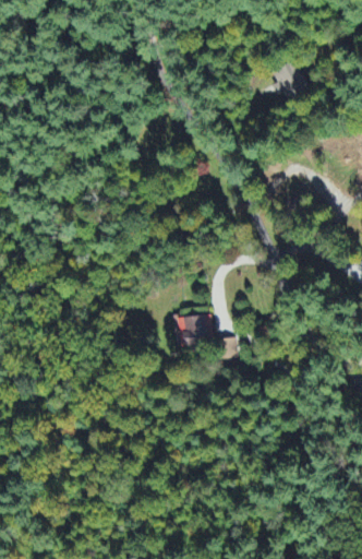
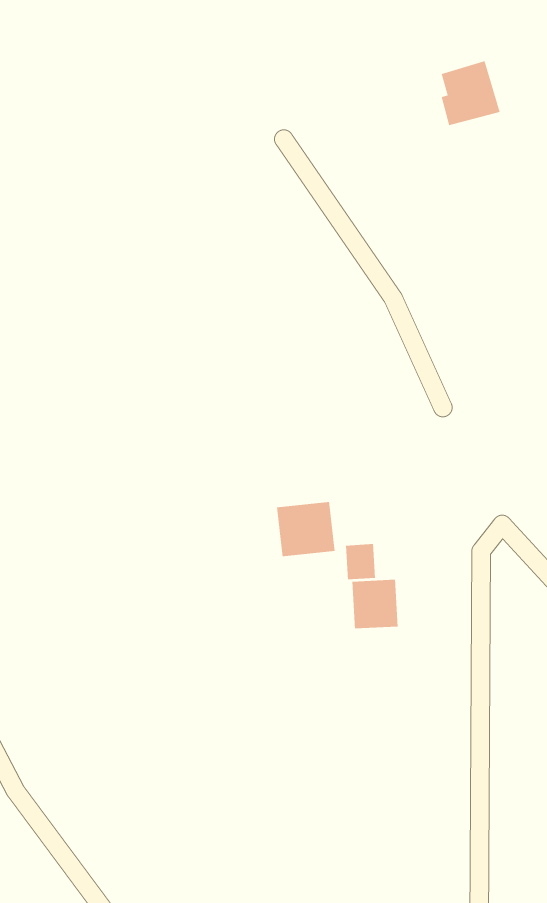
building: none -> [352,579,398,629]

